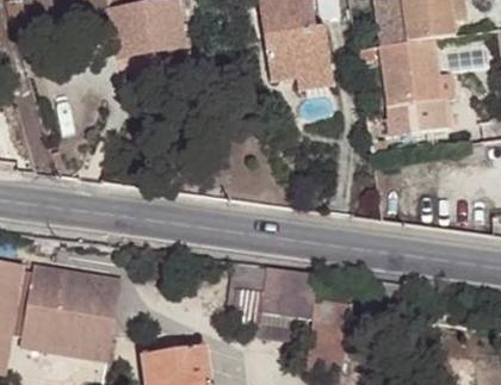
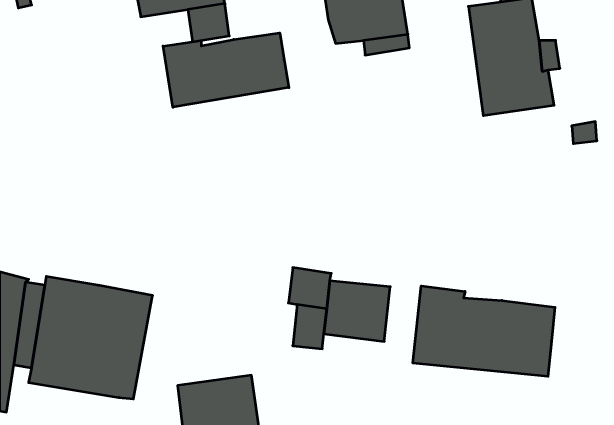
building: none -> [163,33,289,107]
building: none -> [413,286,555,376]

